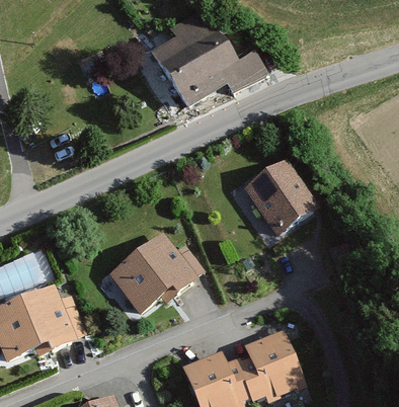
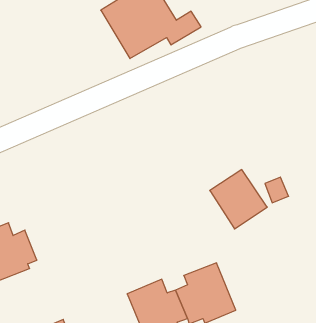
building: [248,165,312,231] -> [210,170,267,229]
building: [110,236,201,311] -> none

